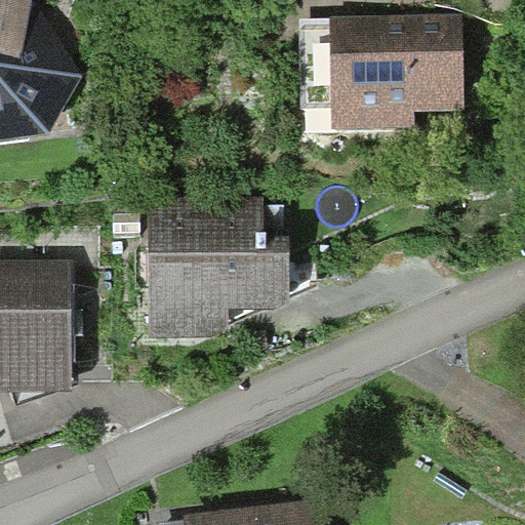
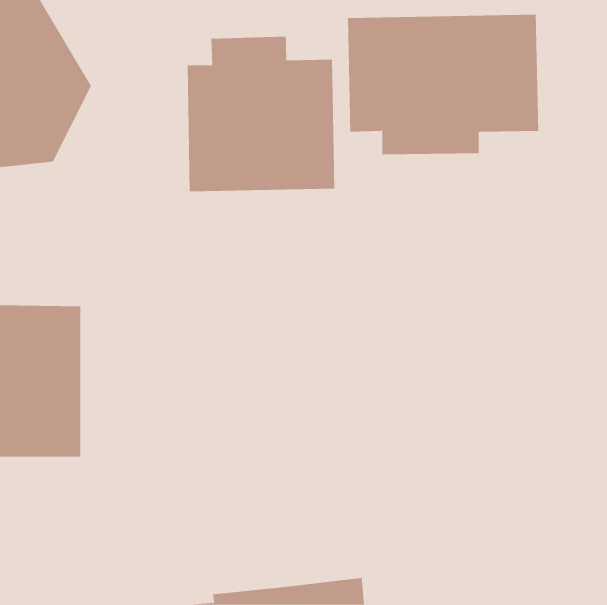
building: none -> [187,36,335,192]
building: [148,200,288,342] -> none

